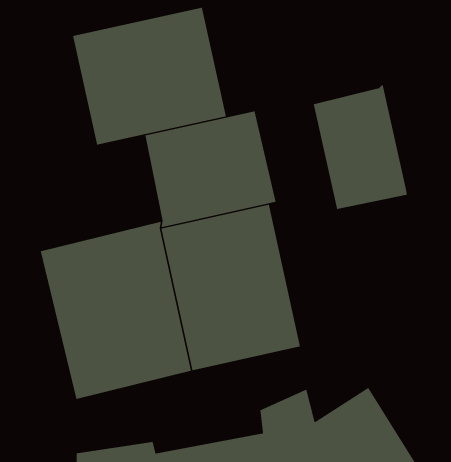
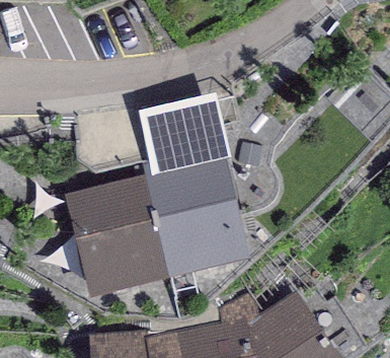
building: [72,7,227,145] -> none
building: [313,84,408,210] -> none

